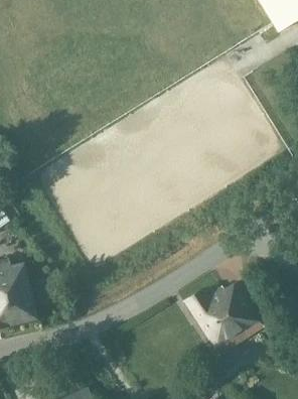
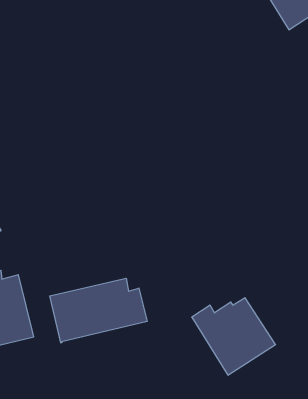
building: none -> [50,278,147,343]

